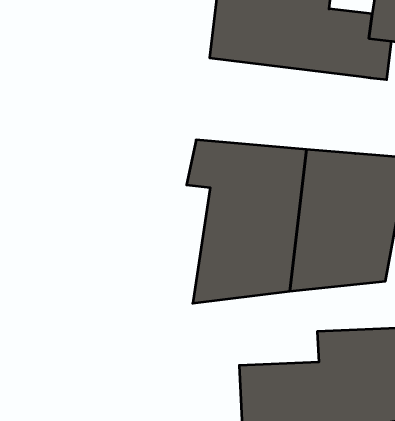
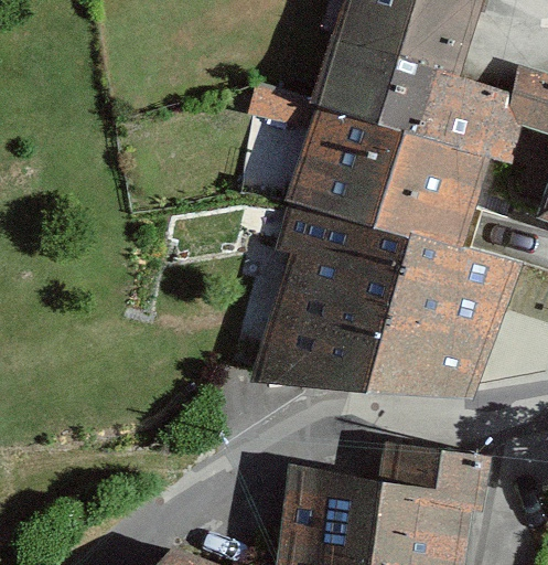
building: none -> [284,108,490,247]

